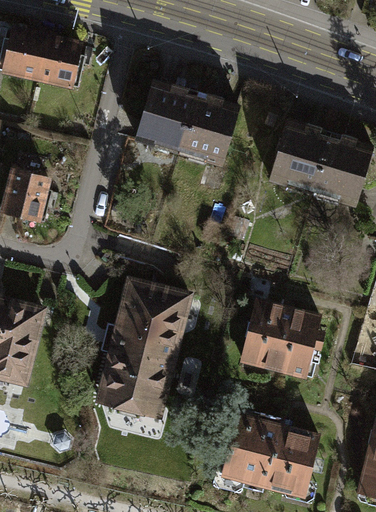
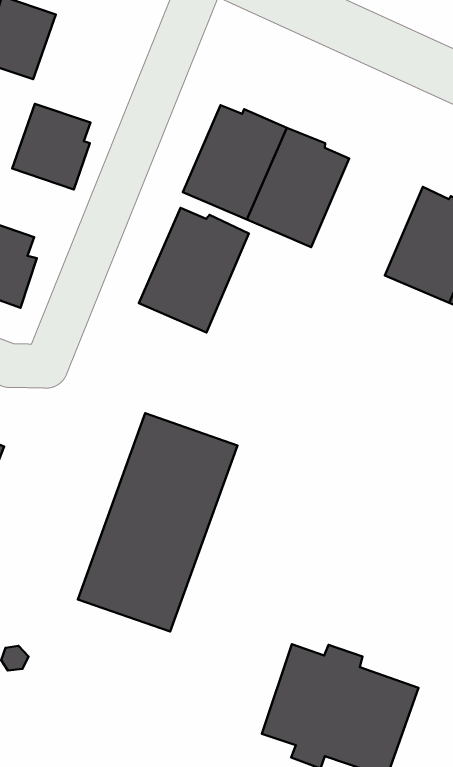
building: [36,36,83,87] -> [12,104,90,189]
building: none -> [139,208,249,332]
building: [241,301,323,377] -> none

